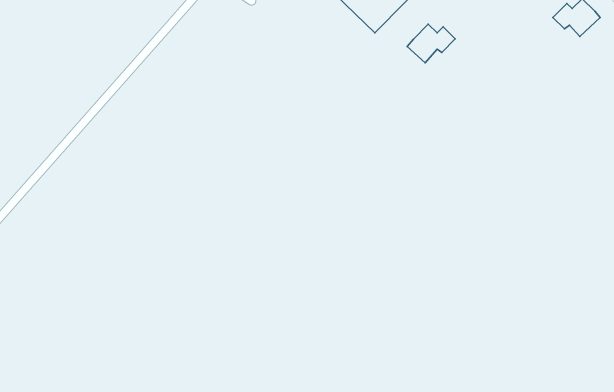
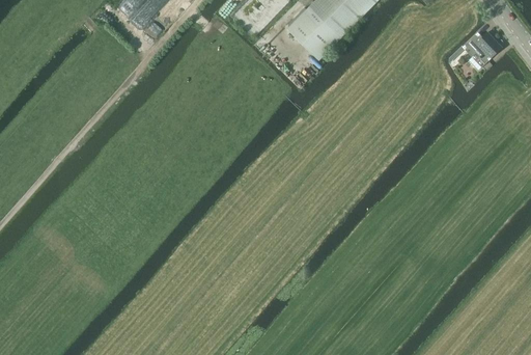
building: [407,24,455,63] -> none

